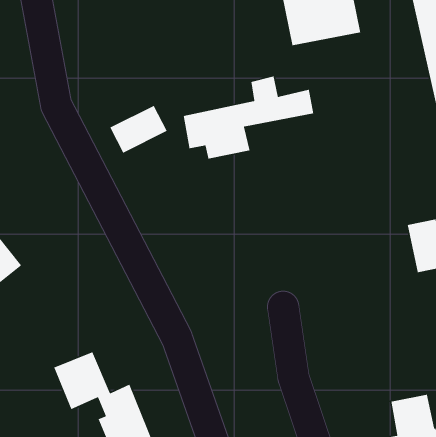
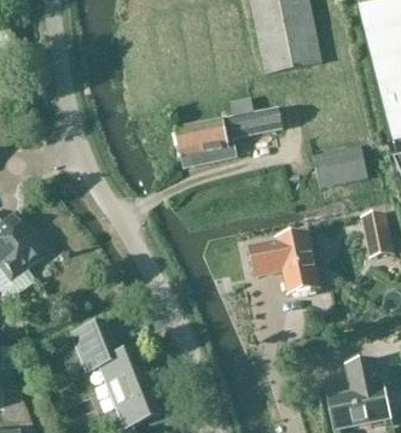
building: [109,105,168,154] -> none
building: none -> [313,144,368,187]
building: none -> [249,229,320,293]

